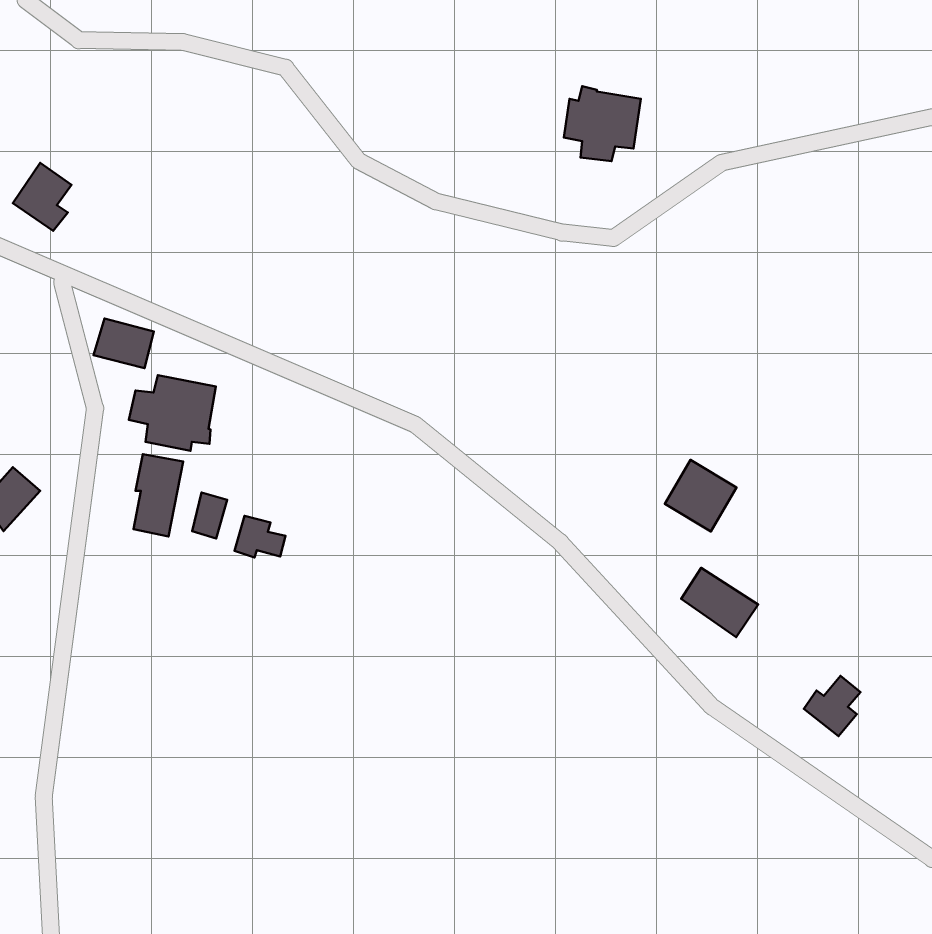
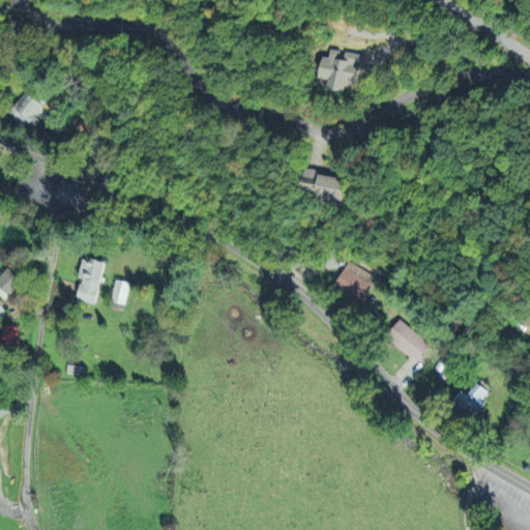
building: none -> [301,169,348,204]
building: [129,375,216,451] -> none
building: [665,460,736,531] -> [332,261,373,301]
building: [235,516,286,557] -> none

